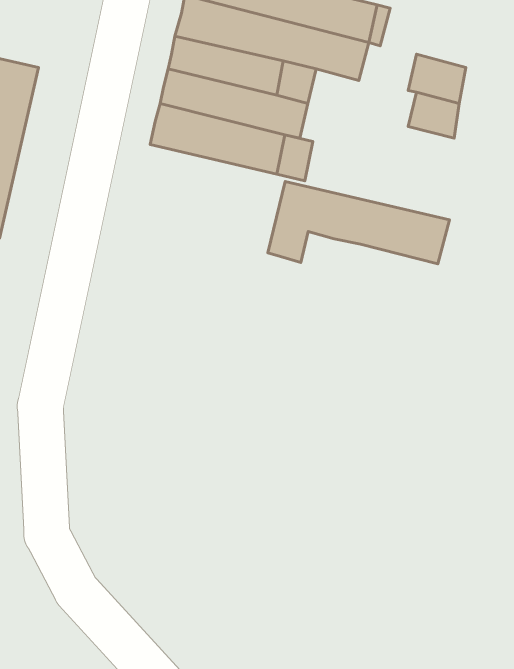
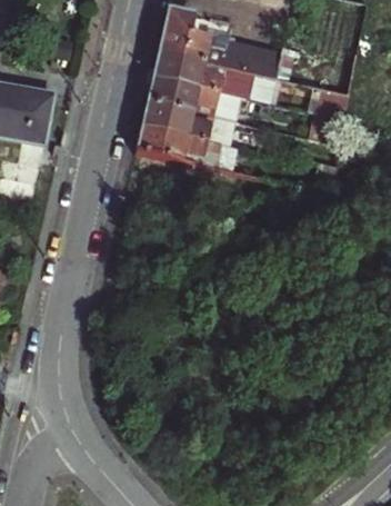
building: [268,181,449,264] -> none

